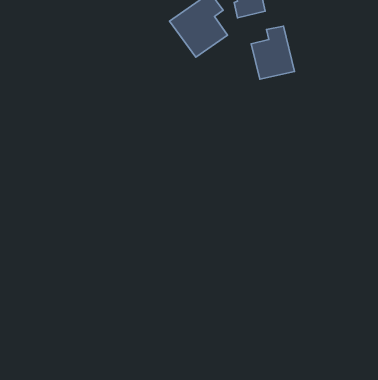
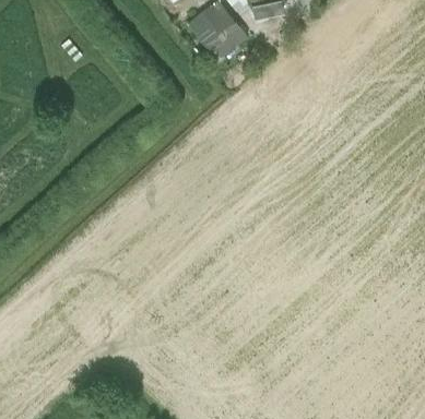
building: [251,26,295,79] -> none

